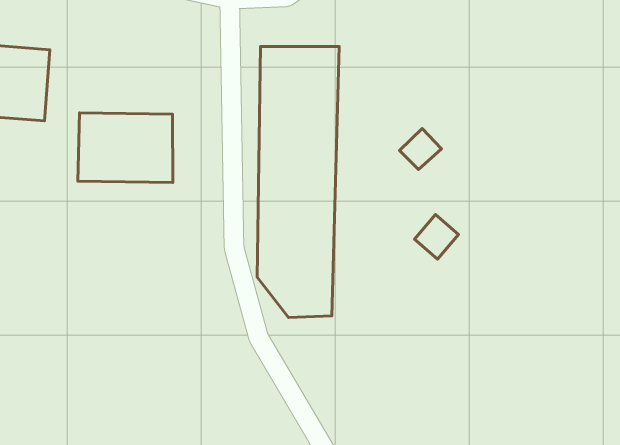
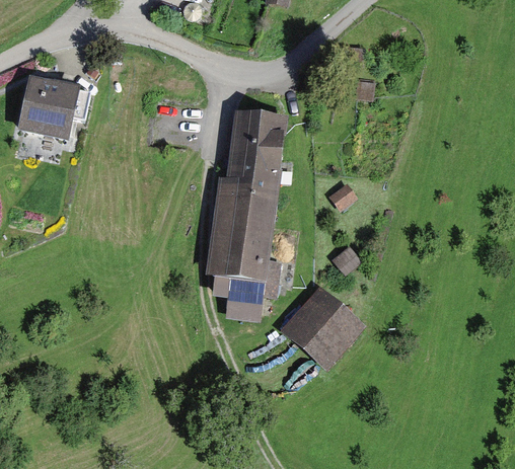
building: [78,113,173,182] -> none
building: none -> [276,285,360,368]

